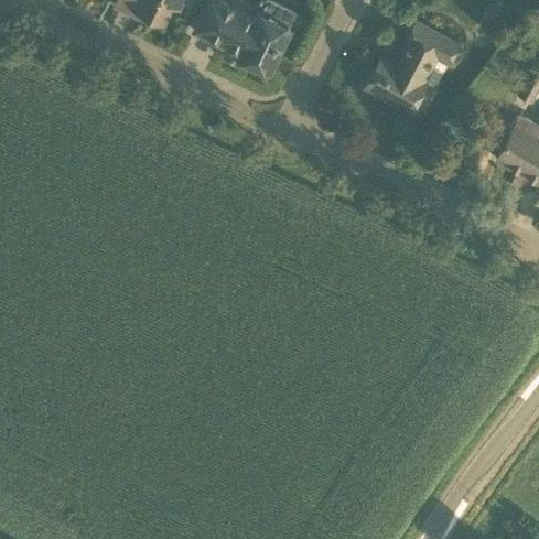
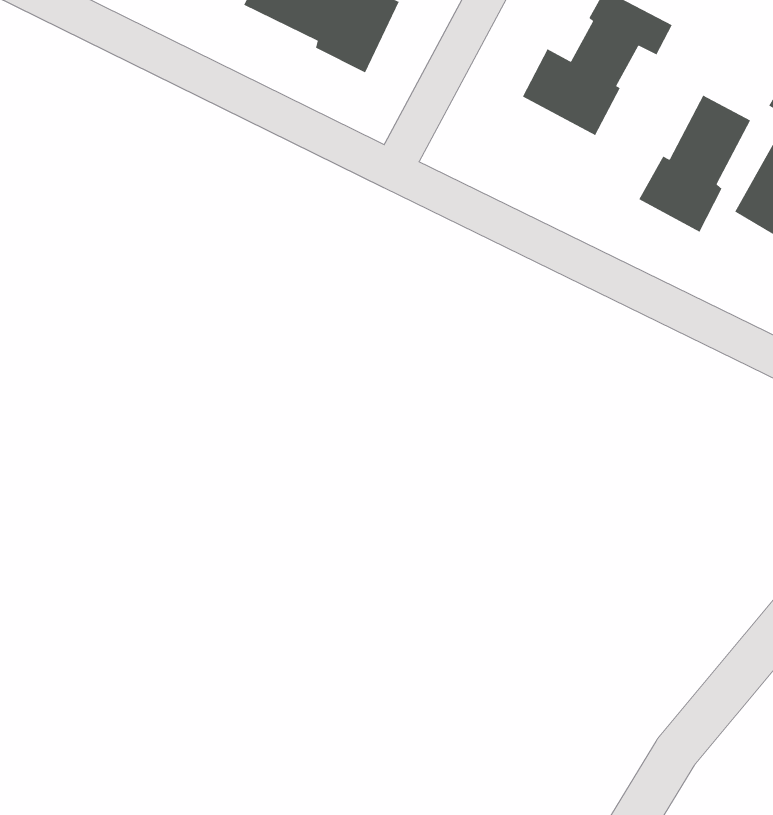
building: none -> [638,95,751,233]

